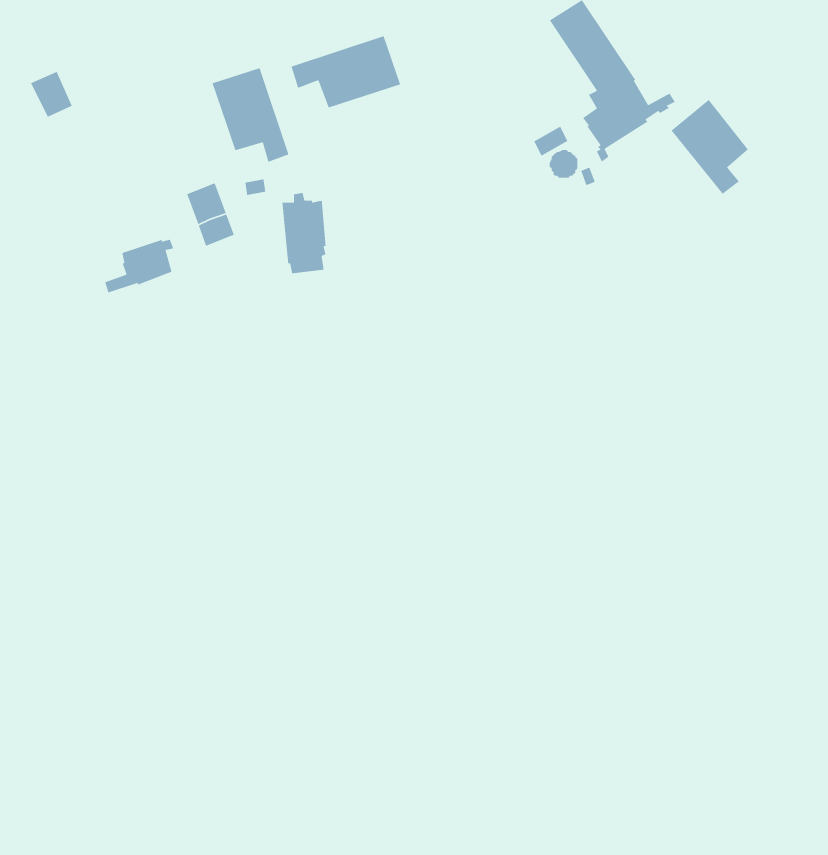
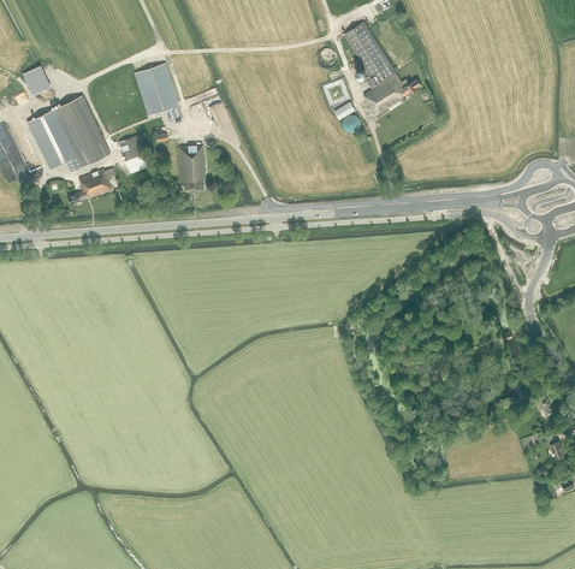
building: [291,35,401,108] -> none
building: [670,99,749,195] -> none
building: none -> [26,95,109,171]

